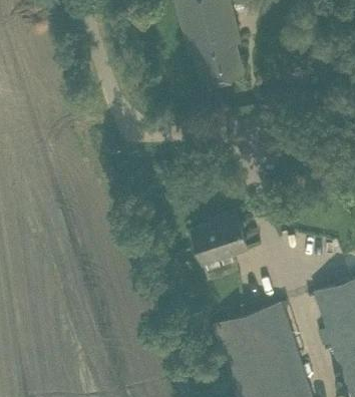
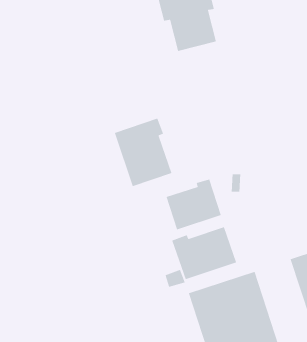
building: none -> [114,117,172,187]
building: none -> [171,226,237,280]

